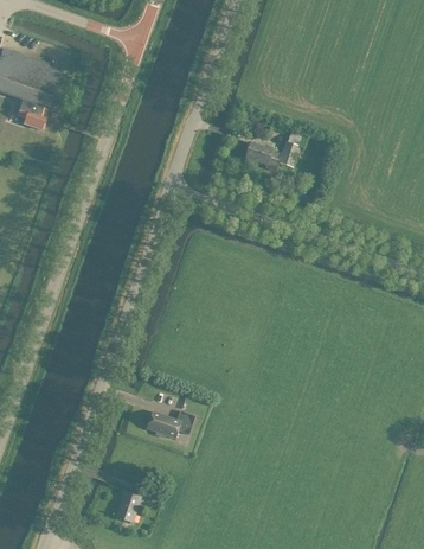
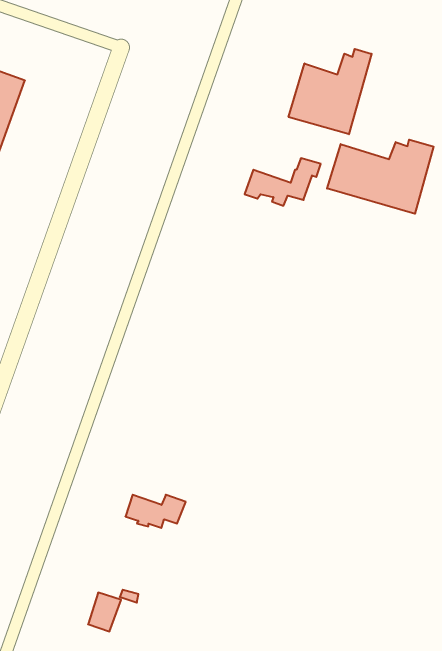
building: none -> [289,49,372,134]
building: none -> [327,140,434,214]

